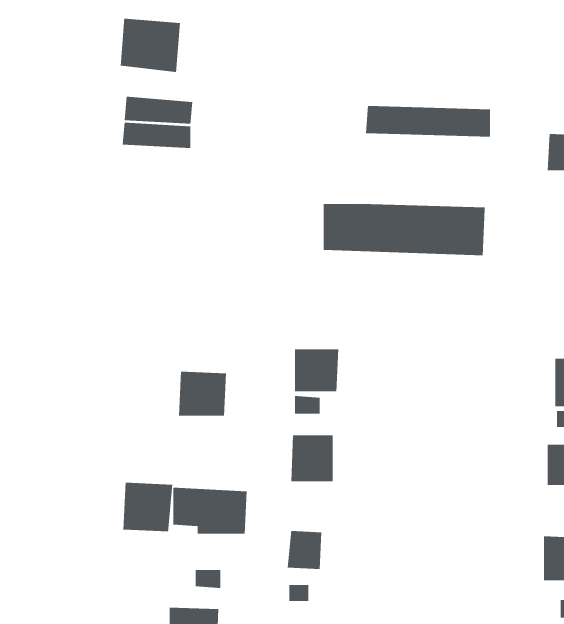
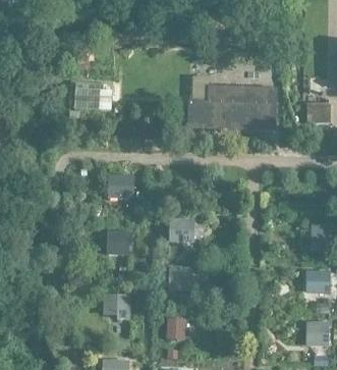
building: [120,18,180,73] -> none
building: [323,204,486,256] -> [187,100,276,128]
building: none -> [107,172,133,198]
building: [123,482,173,532] -> none

